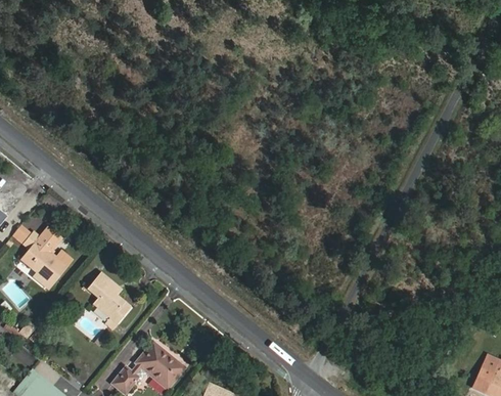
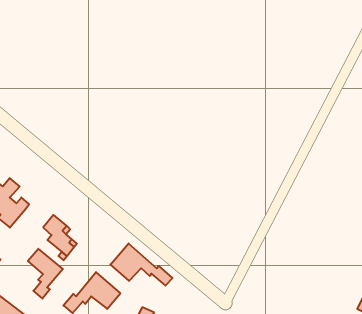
building: none -> [110,243,172,286]
building: none -> [28,249,63,299]

